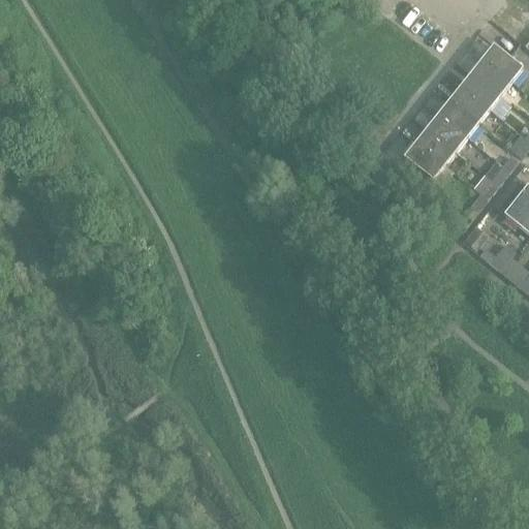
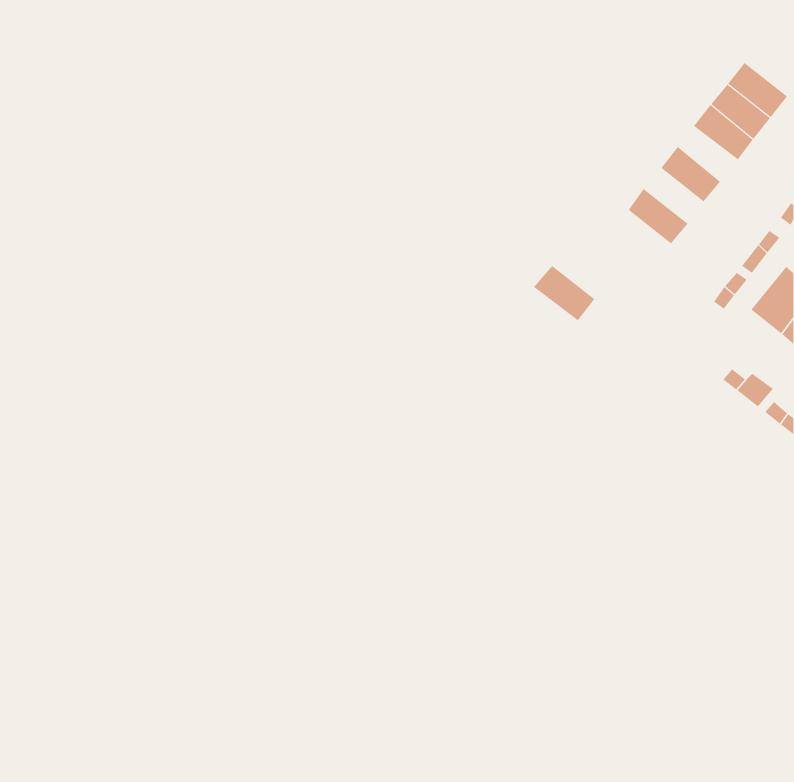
building: [450,84,491,121] -> none
building: [428,112,468,149] -> none
building: [405,139,446,177] -> [533,265,595,321]

